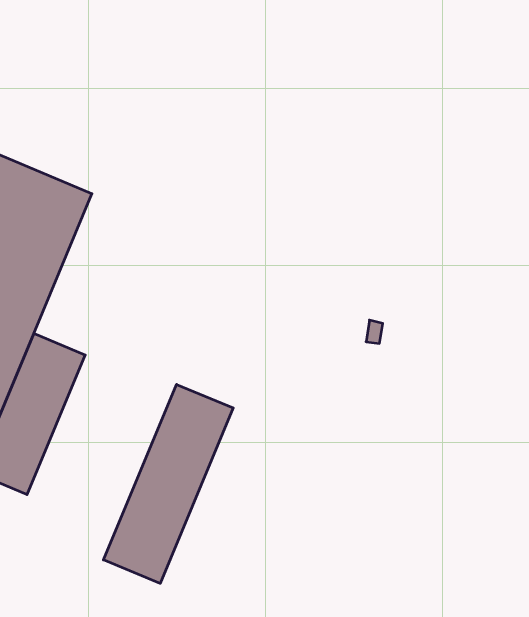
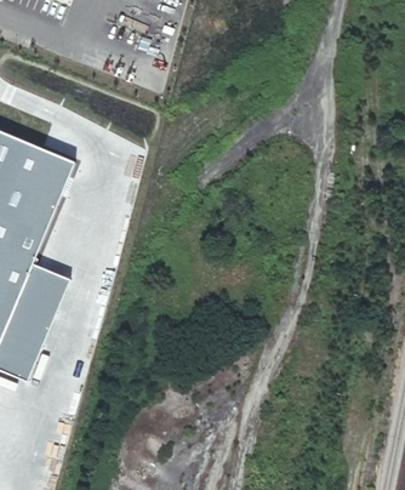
building: [103,384,233,583] -> none

